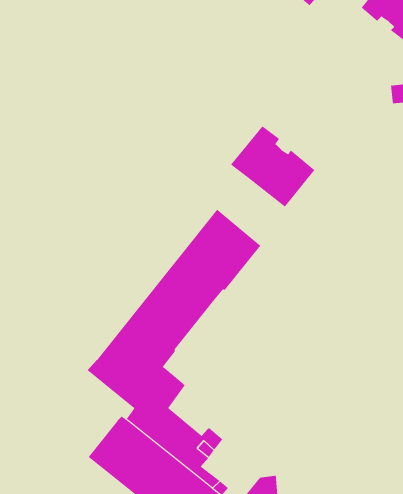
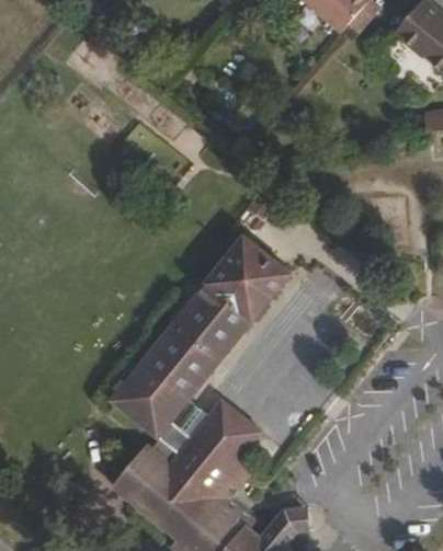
building: [230,125,315,207] -> none
building: none -> [196,399,261,466]

